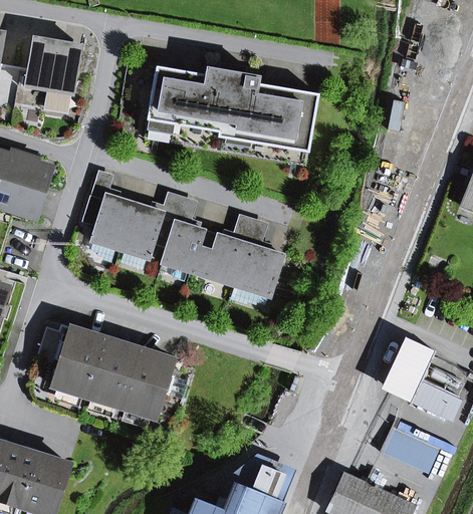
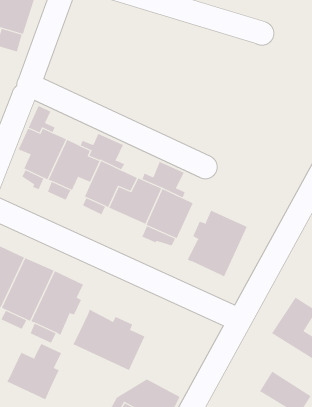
building: [144,65,318,165] -> none
building: none -> [187,210,248,277]
building: none -> [73,309,145,371]
building: none -> [7,343,62,400]

